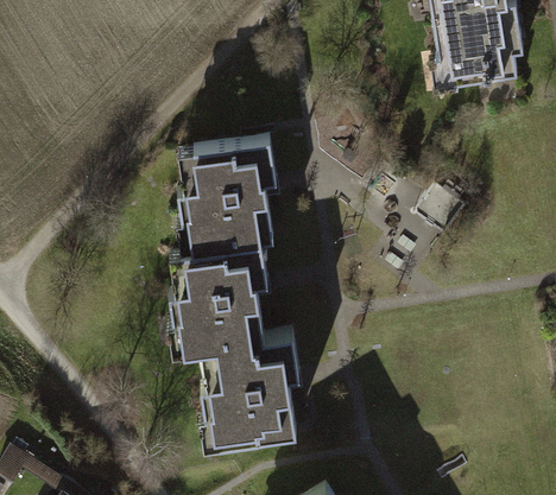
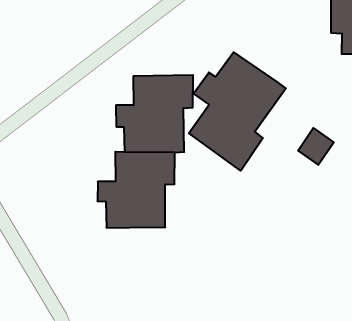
building: none -> [189,52,286,171]
building: [198,335,296,445] -> none

